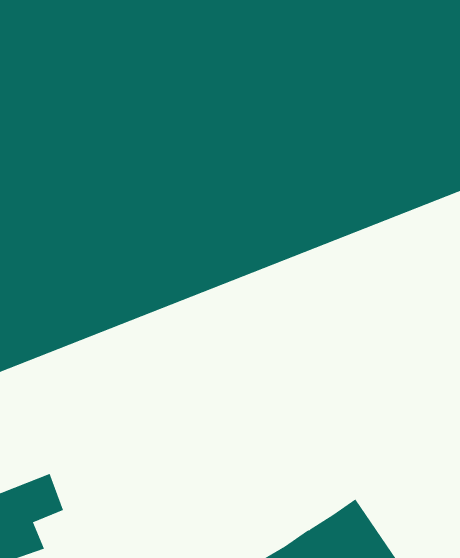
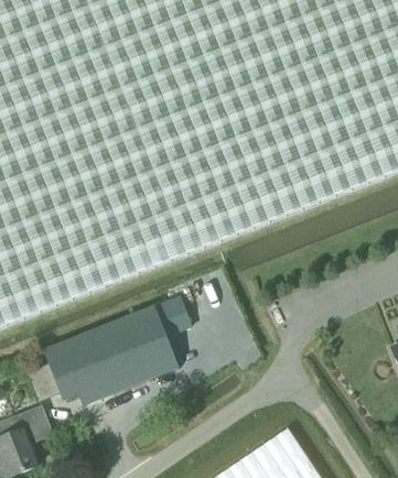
building: none -> [25,297,190,408]

